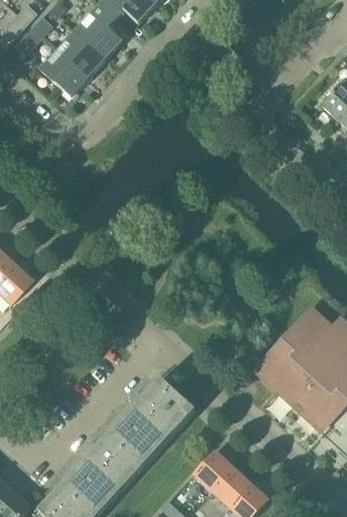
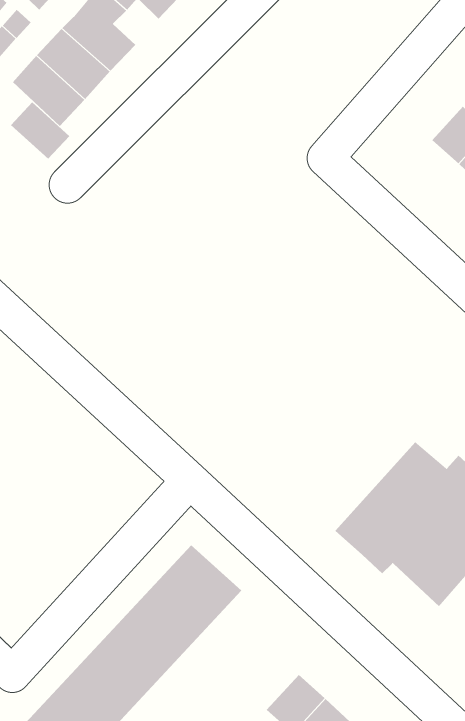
building: none -> [10,102,70,160]
building: [193,451,232,492] -> none

